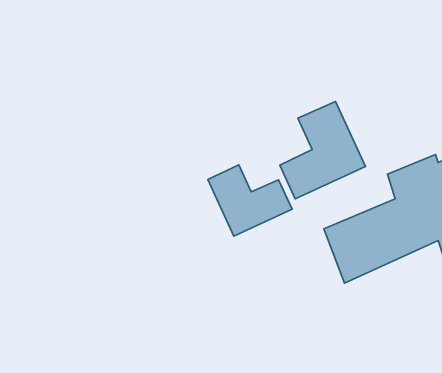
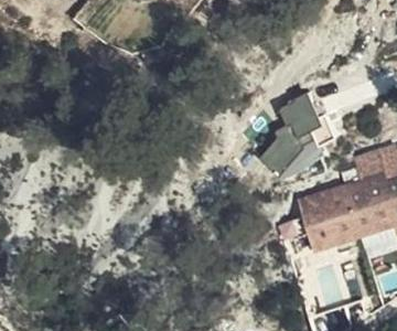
building: [208,165,292,236] -> none

